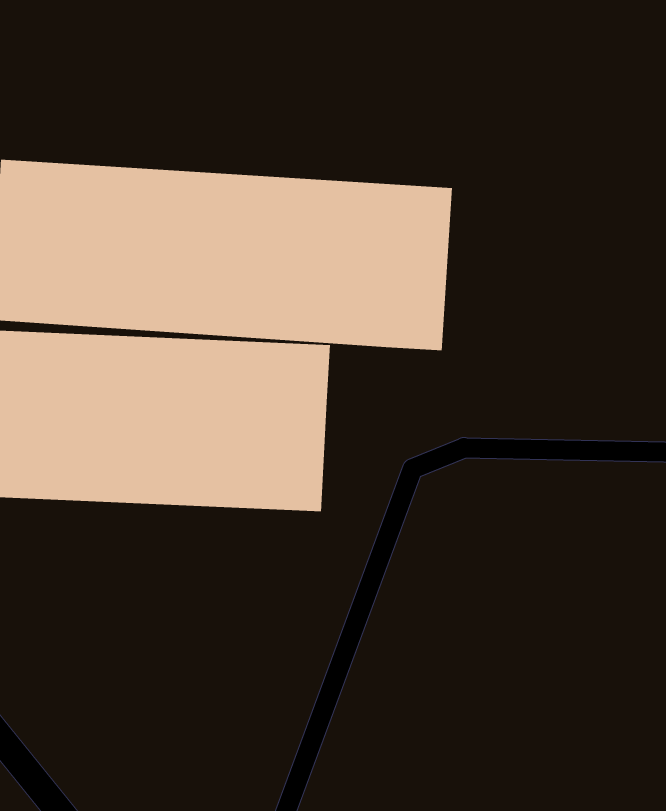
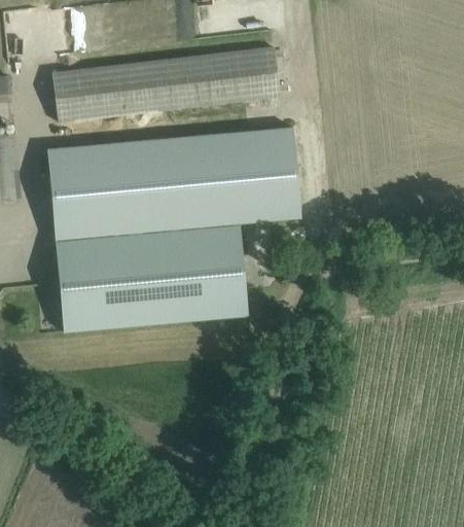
building: none -> [51,44,277,121]

